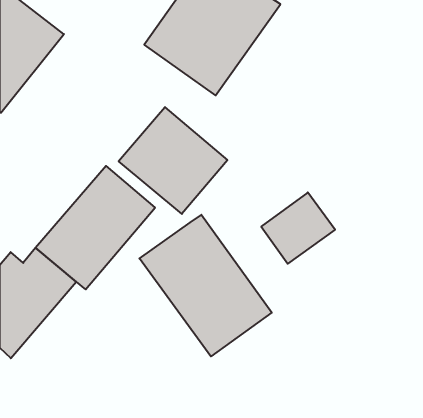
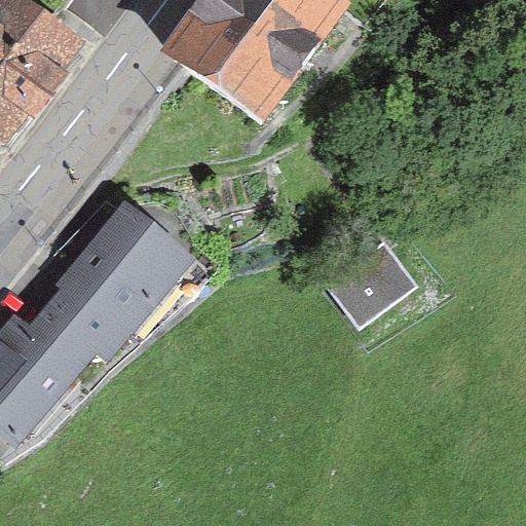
building: [119,107,227,214] -> none
building: [139,215,272,356] -> none

